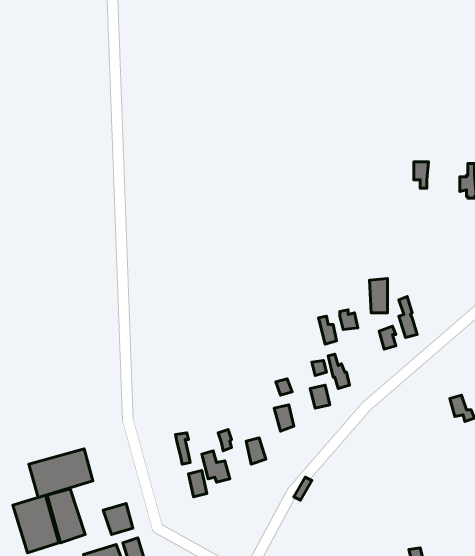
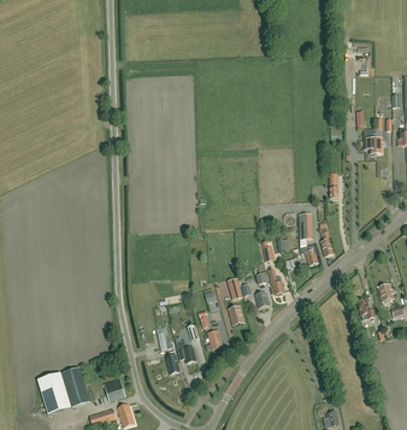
building: [29,449,93,497] -> none

